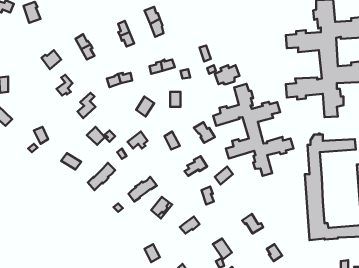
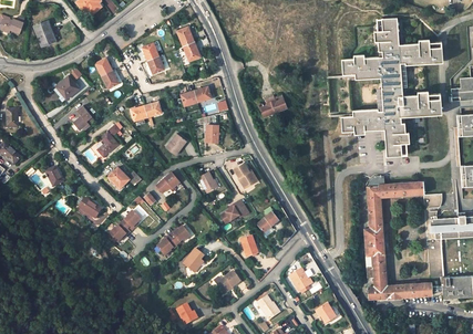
building: [213,84,294,176] -> none

